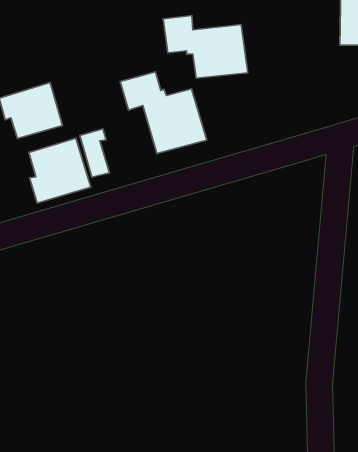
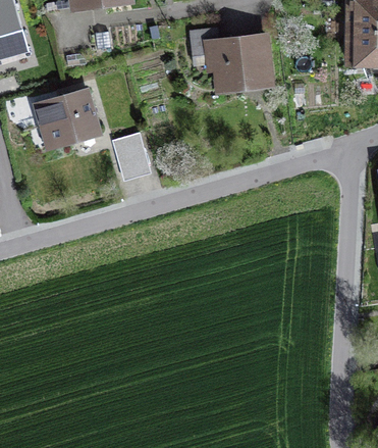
building: [120,72,207,154] -> none
building: [29,138,91,203] -> none

